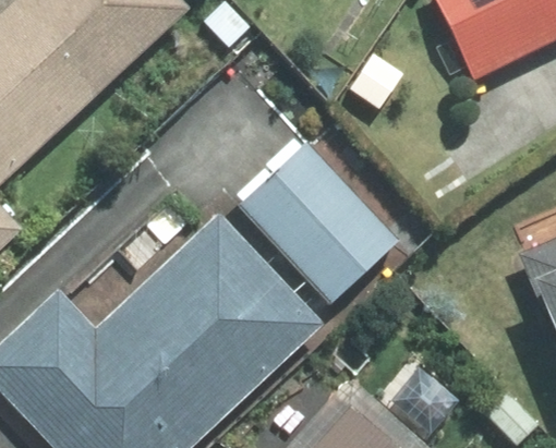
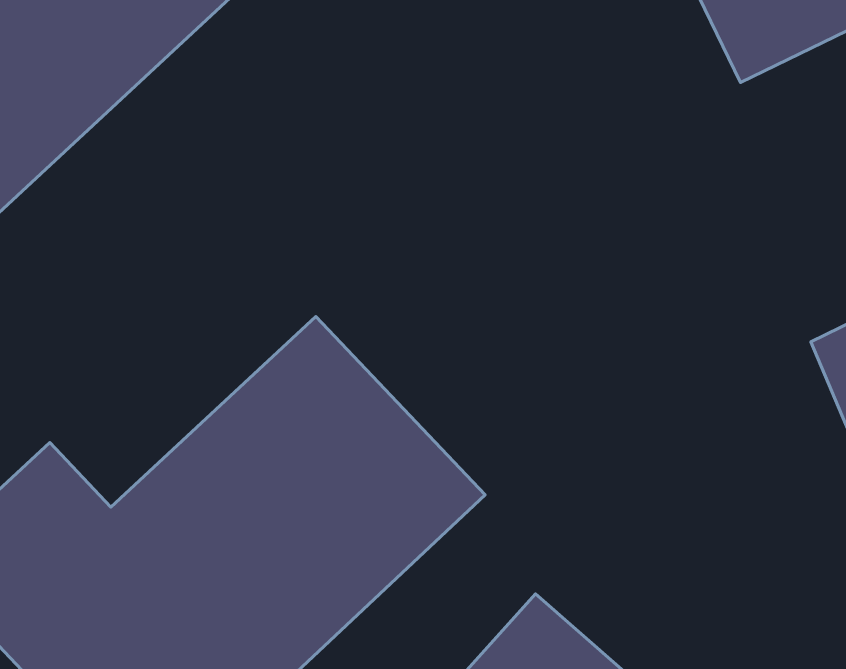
building: [242,145,396,301] -> none

